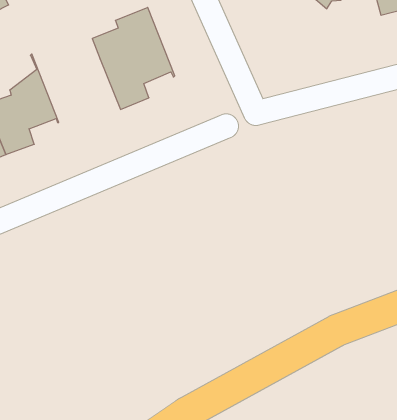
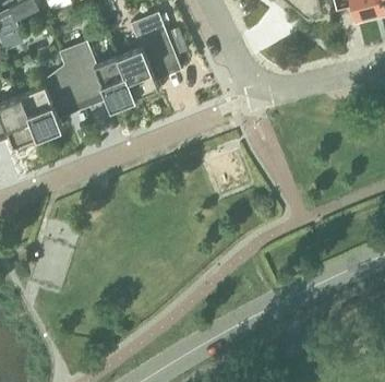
building: none -> [59,43,134,111]

